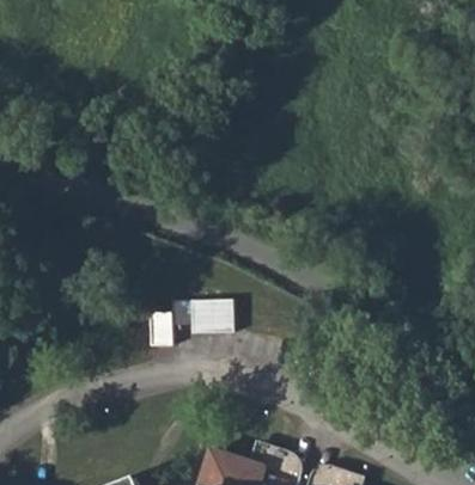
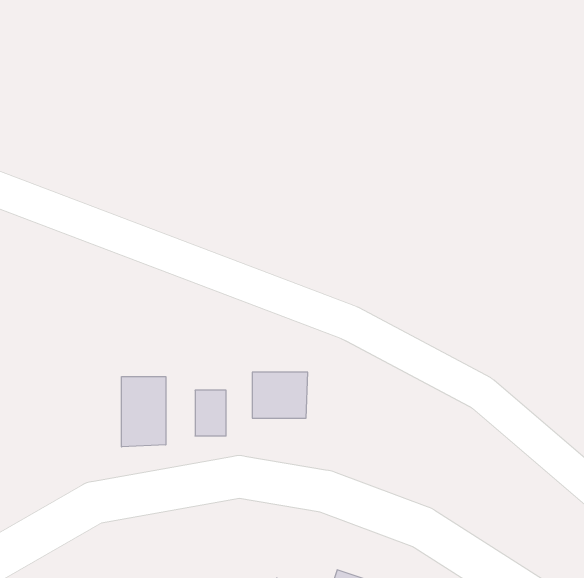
building: none -> [122,377,166,447]

